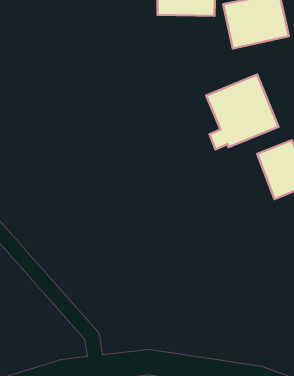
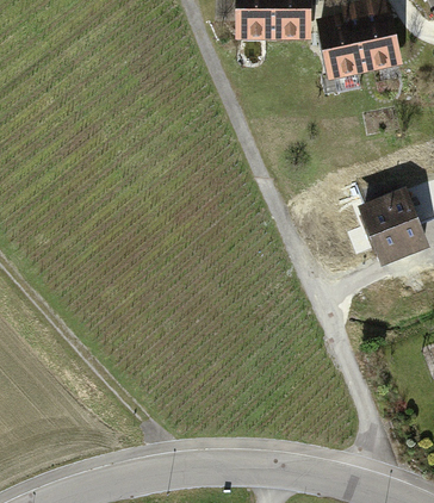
building: [206,74,279,150] -> none

